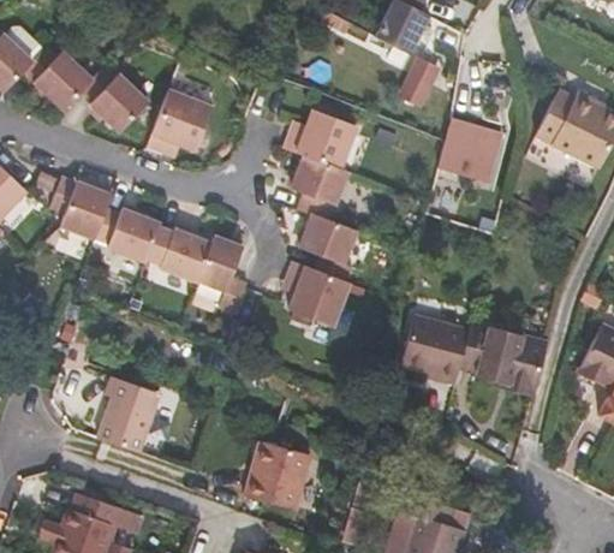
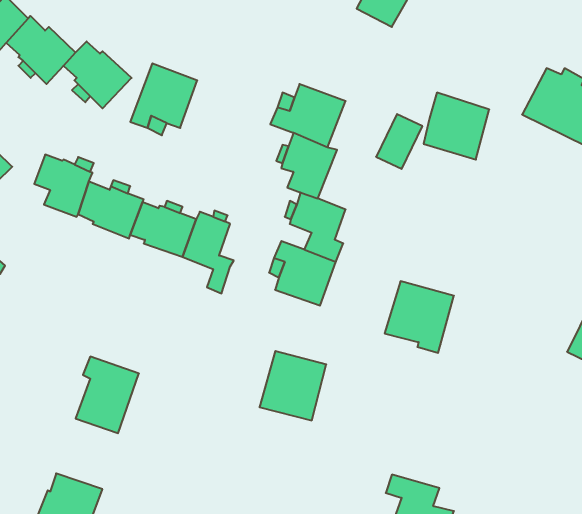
building: [393,53,439,107] -> [376,114,422,169]
building: [454,319,548,397] -> none
building: [242,445,308,513] -> [259,351,326,420]

